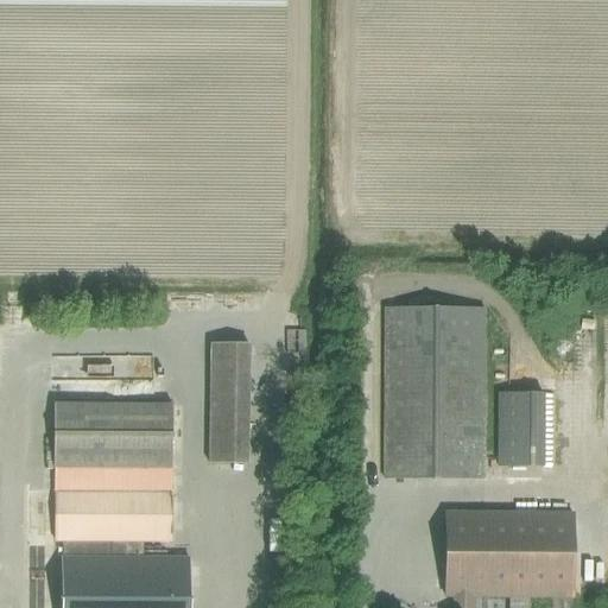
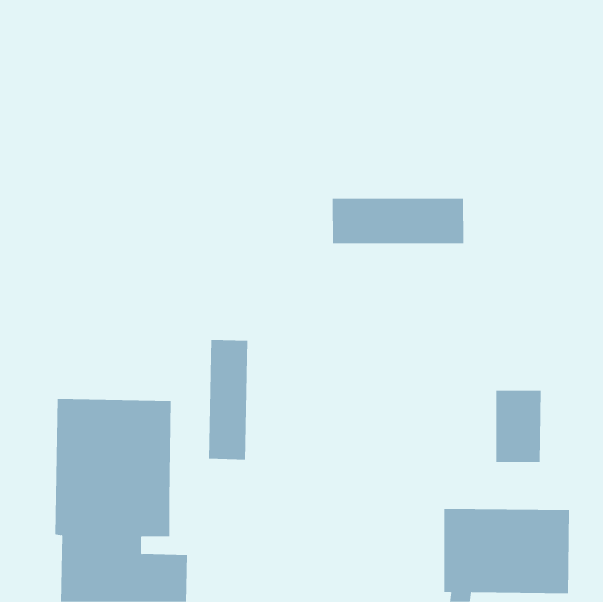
building: none -> [332,198,464,244]
building: [384,306,486,479] -> none

